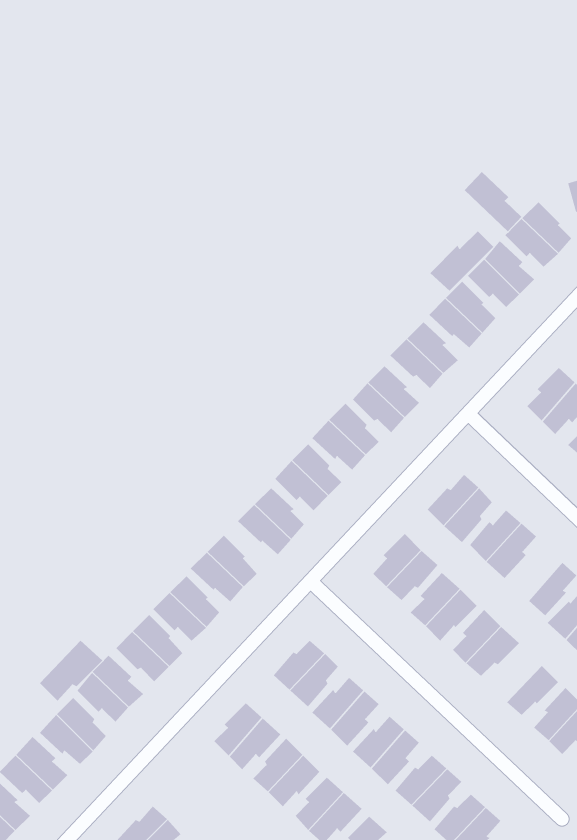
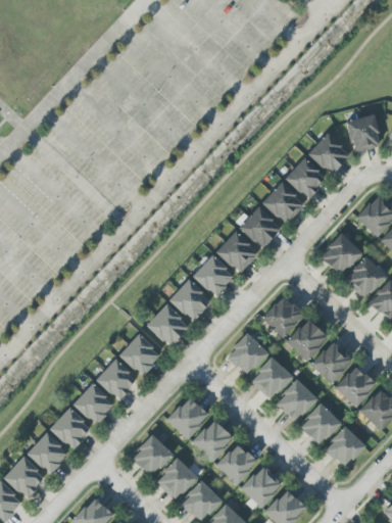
building: [464,171,522,232] -> none
building: [429,230,494,291] -> none
building: none -> [311,342,343,374]
building: [39,640,103,702] -> none
building: none -> [300,402,331,435]

